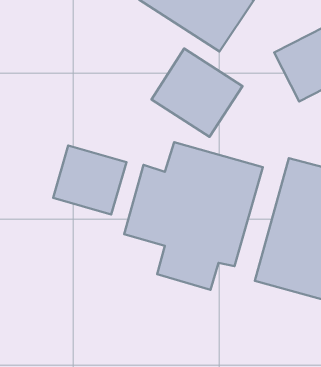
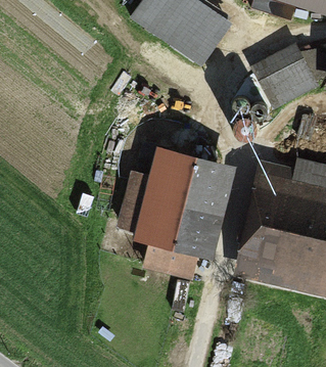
building: [151,49,242,137] -> none
building: [53,146,126,215] -> none

